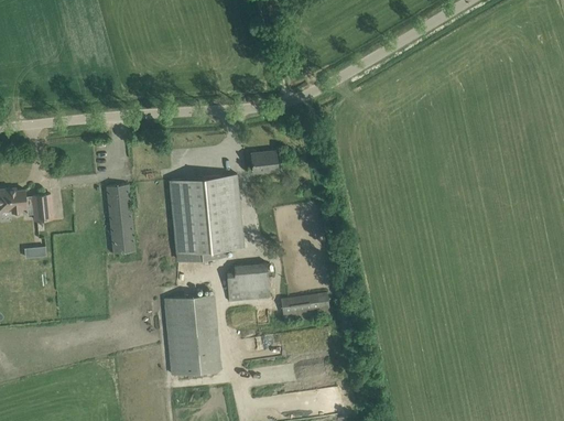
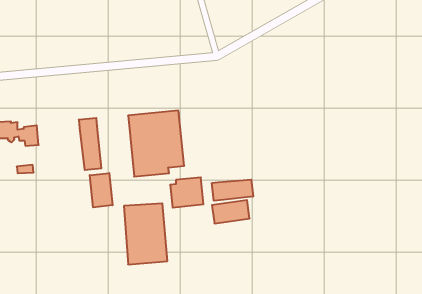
building: [250,151,276,173] -> none
building: none -> [90,173,113,207]
building: none -> [212,180,253,201]

